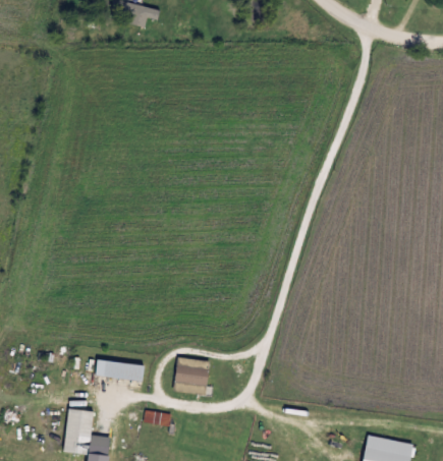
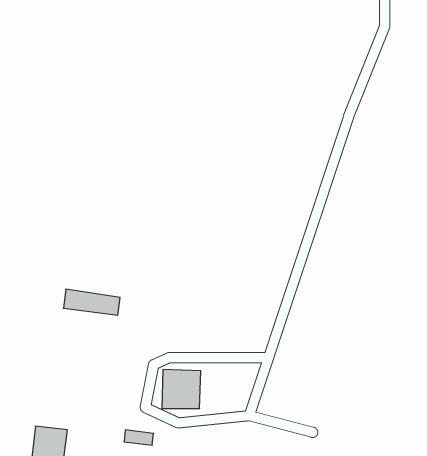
building: [97,359,146,382] -> [63,289,120,315]

